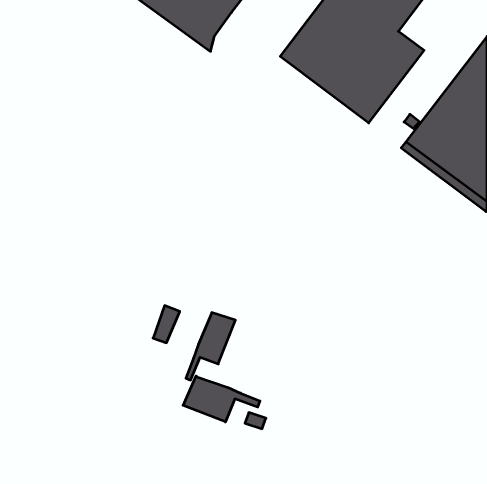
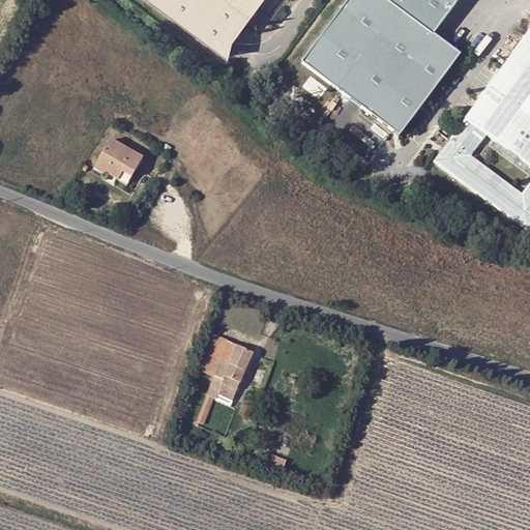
building: none -> [90,138,139,183]
building: [153,306,180,343] -> [201,334,230,375]
building: [183,376,260,422] -> none

